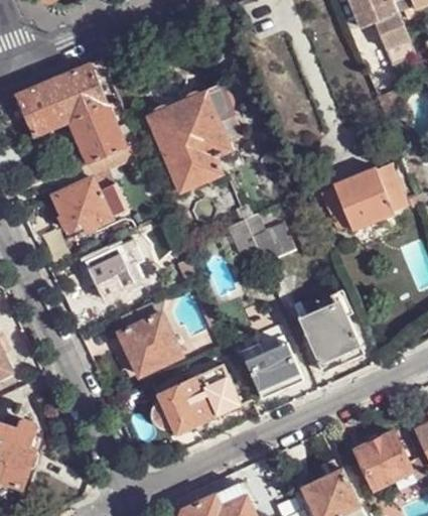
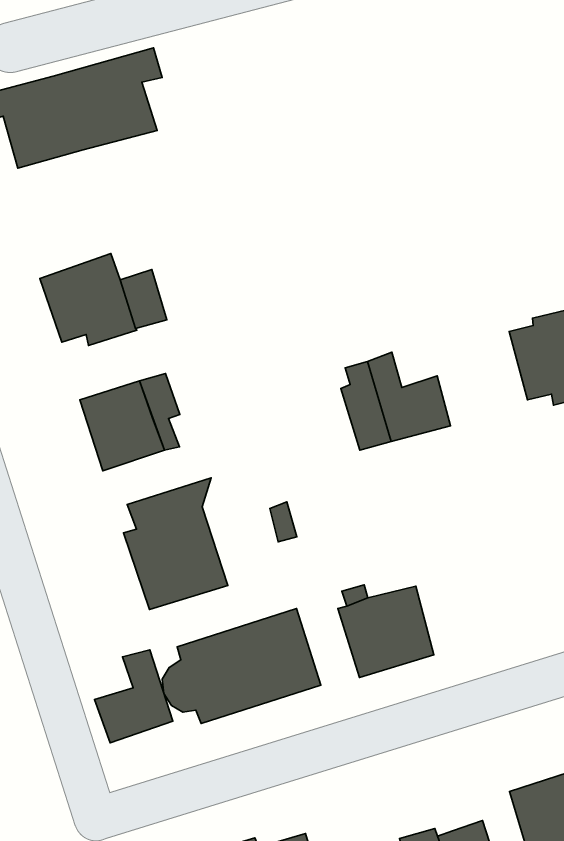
building: [148,85,243,190] -> none
building: [68,104,127,162] -> none
building: [293,301,364,370] -> none
building: none -> [94,650,173,743]

